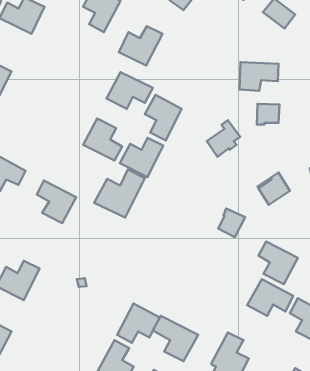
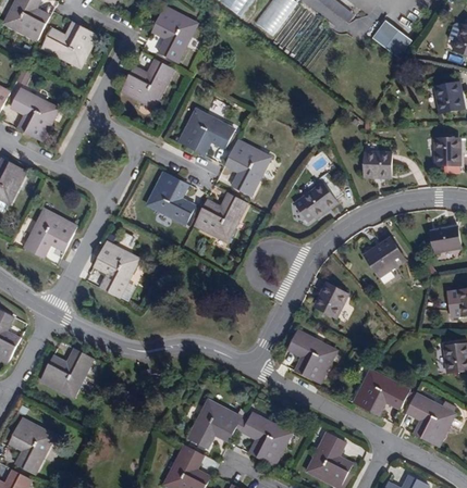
building: [119,26,163,65] -> [116,58,171,107]
building: [239,62,278,91] -> none
building: [94,169,145,218] -> none
building: [258,241,298,284] -> [288,330,337,384]

